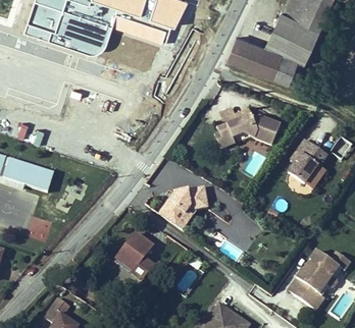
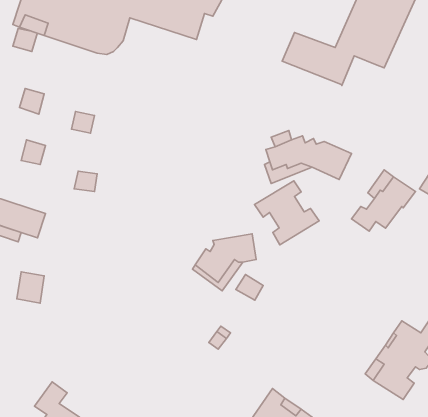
building: [272,52,299,80] -> none
building: none -> [255,181,319,245]
building: [117,232,153,270] -> none

